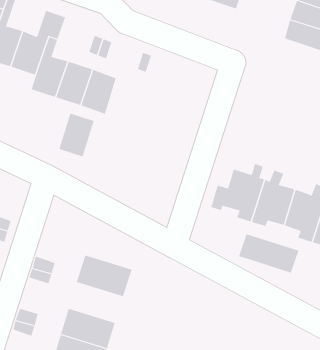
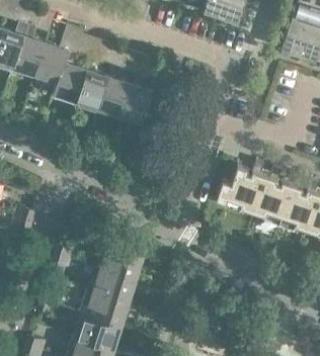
building: [58,113,95,157] -> [119,87,152,126]
building: [238,233,299,273] -> none
building: none -> [86,269,136,305]

